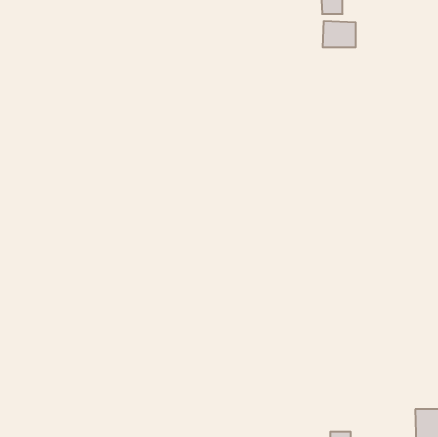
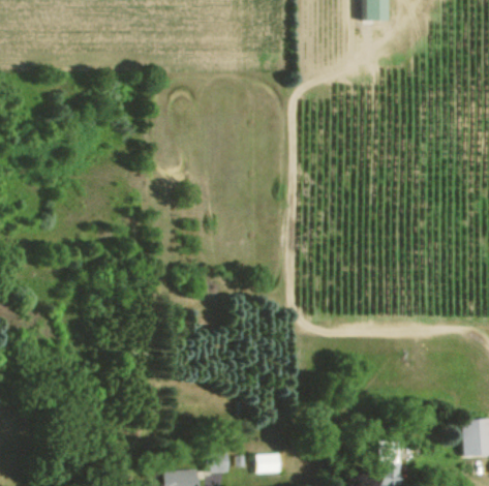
building: [323,21,356,47] -> none

